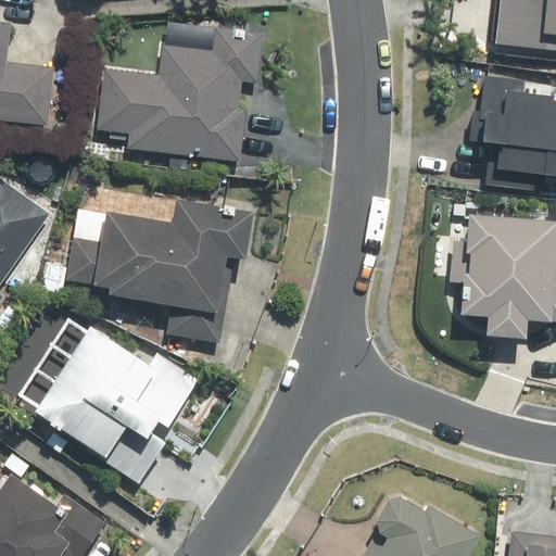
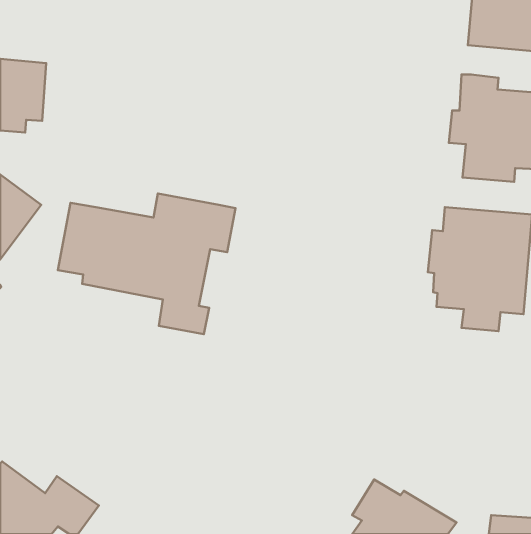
building: [100,28,263,161] -> none
building: [25,319,202,483] -> none

